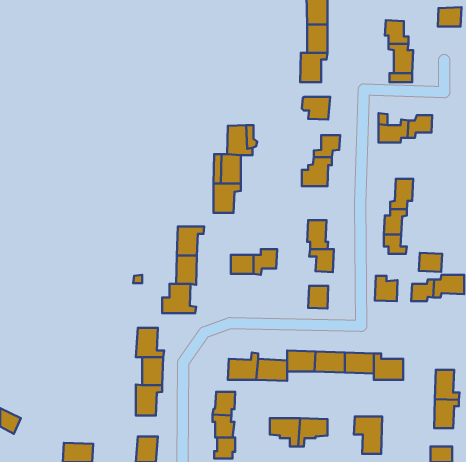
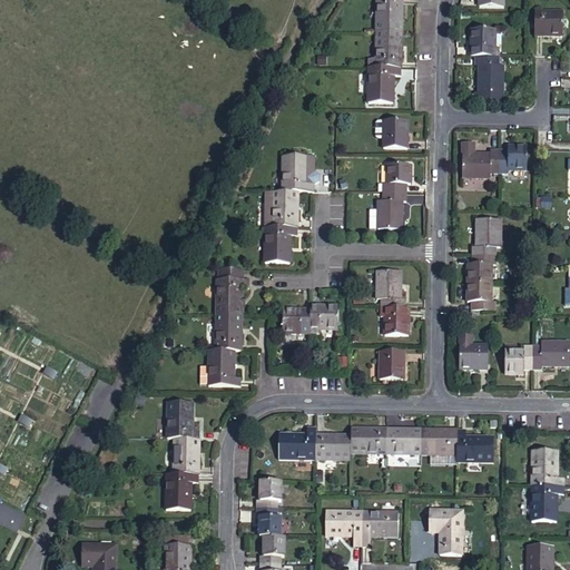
building: [419,253,442,272] -> none

